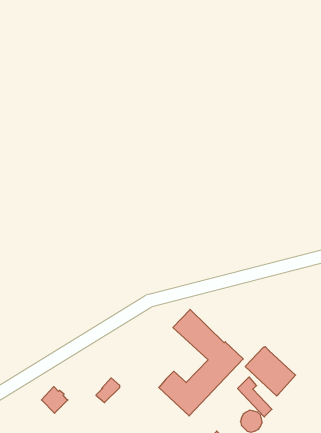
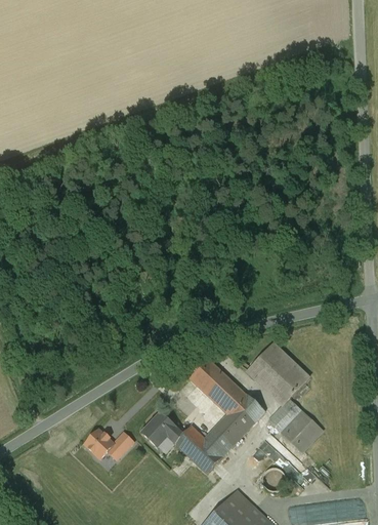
building: none -> [252,344,309,400]
building: none -> [141,412,182,447]
building: [41,387,68,413] -> [85,430,114,458]

